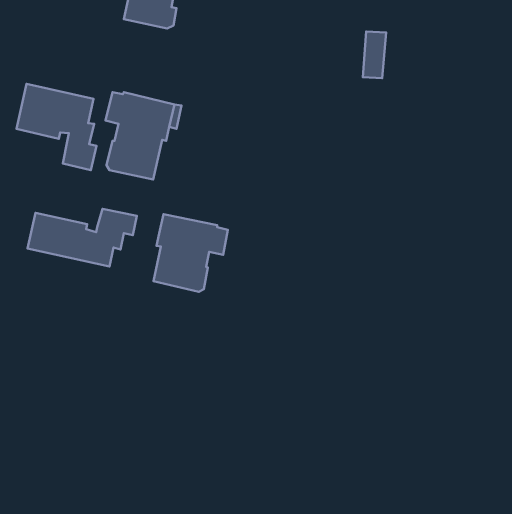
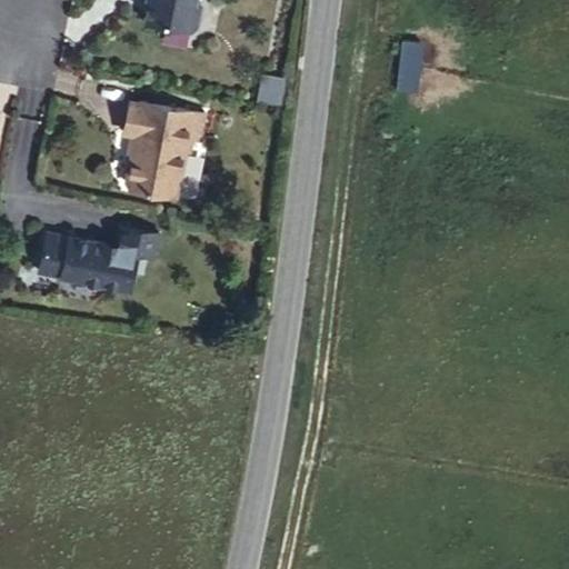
building: [17,84,96,170] -> none
building: [153,214,228,292] -> none

